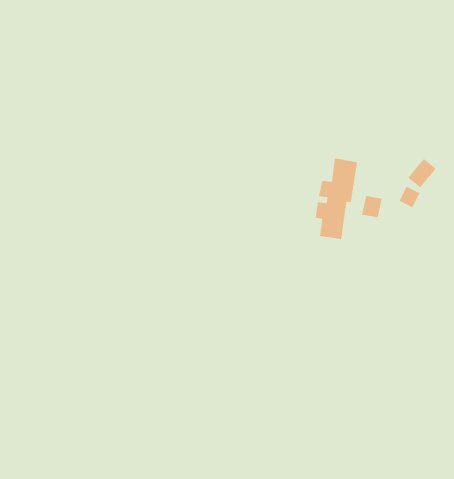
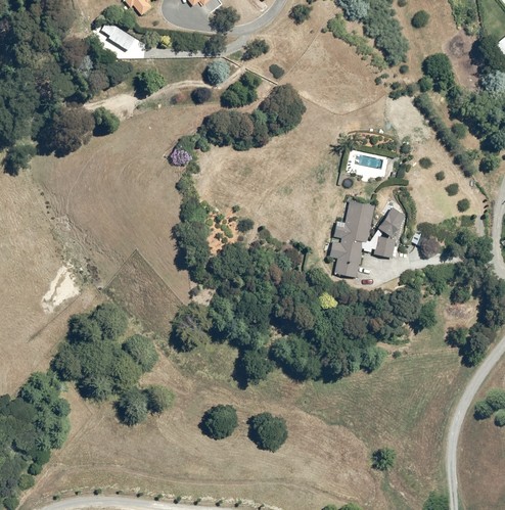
building: [407,158,436,188] -> [378,206,406,235]

